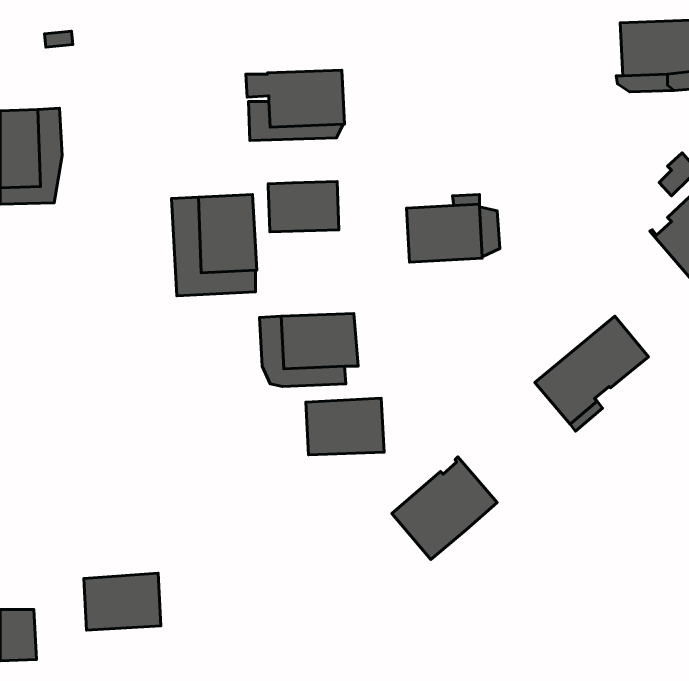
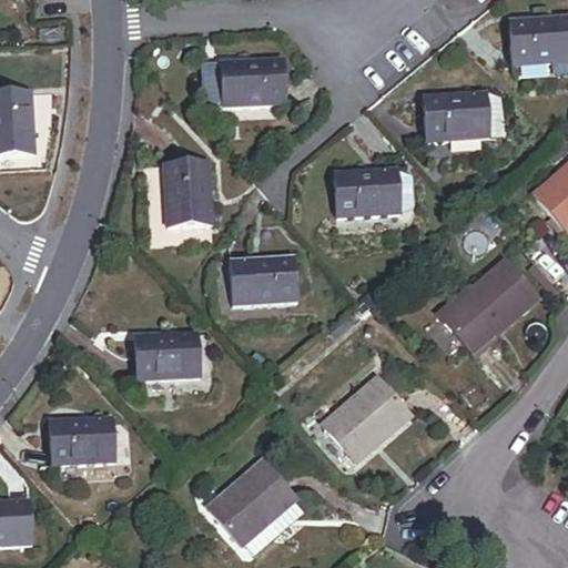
building: none -> [424,93,503,138]
building: [268,182,339,232] -> none
building: [306,398,384,455] -> [135,332,200,378]
building: none -> [209,459,294,542]
building: [84,573,161,630] -> [50,416,113,463]

